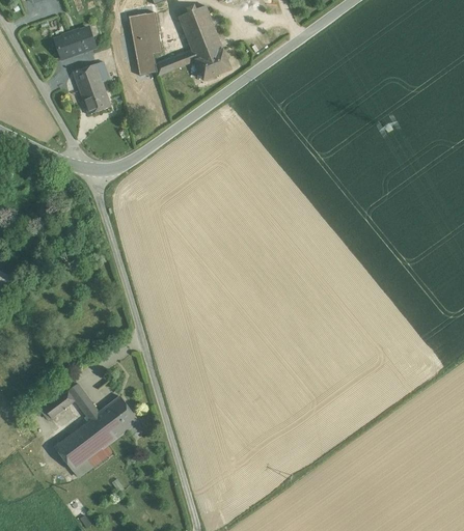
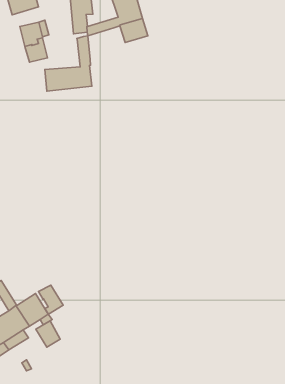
building: none -> [45,36,92,91]
building: none -> [39,285,63,314]
building: none -> [36,321,60,347]

